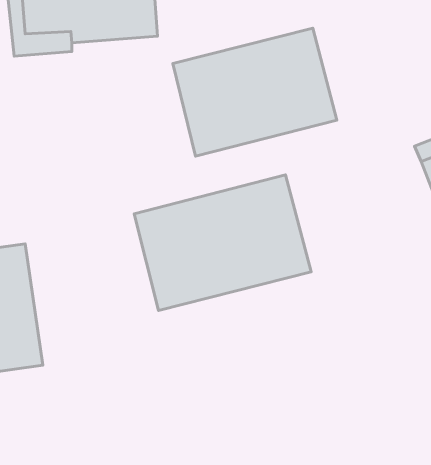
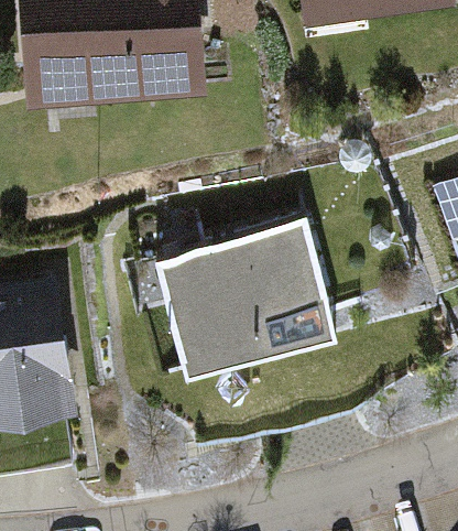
building: [173,28,337,156] -> none

